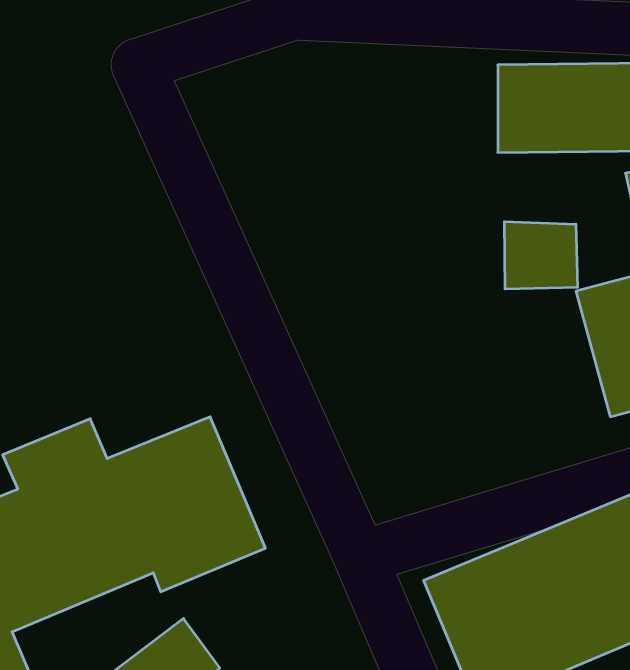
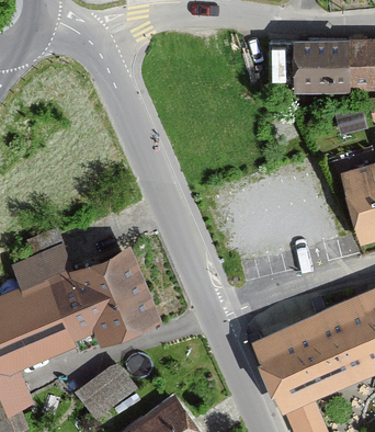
building: [504,222,577,289] -> none

